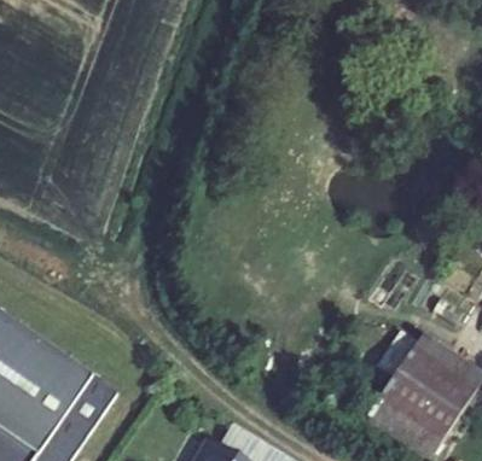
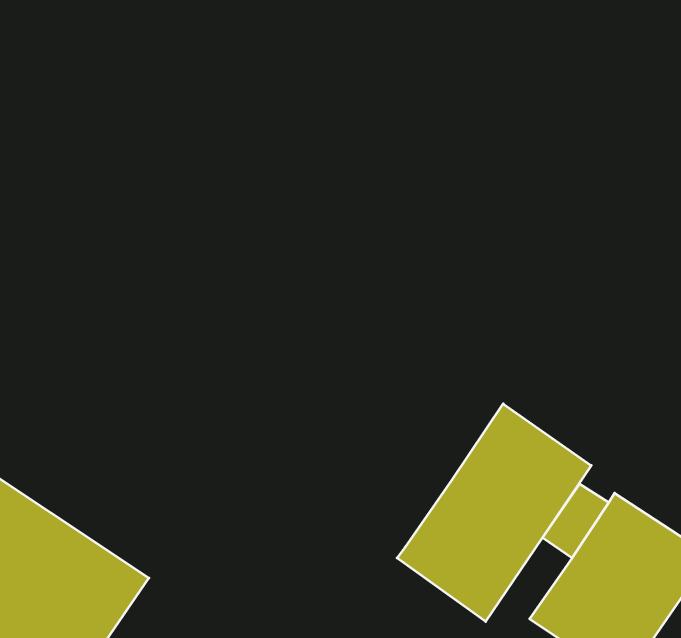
building: none -> [397,404,591,622]

